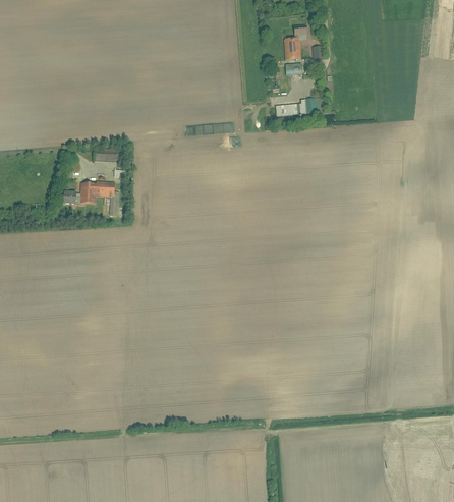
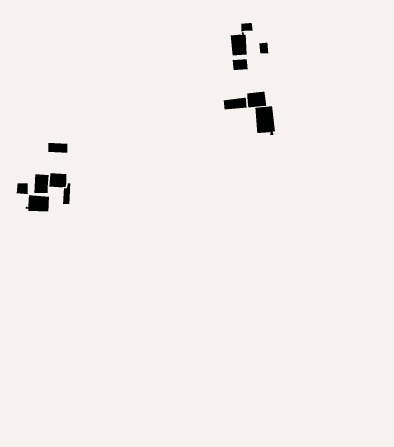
building: none -> [255,105,276,136]
building: none -> [25,195,50,212]

